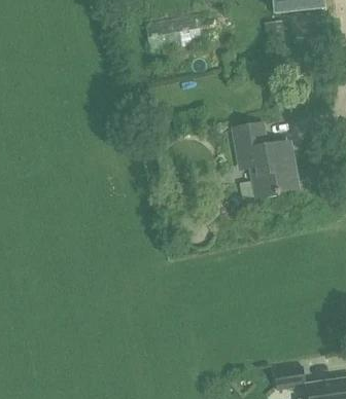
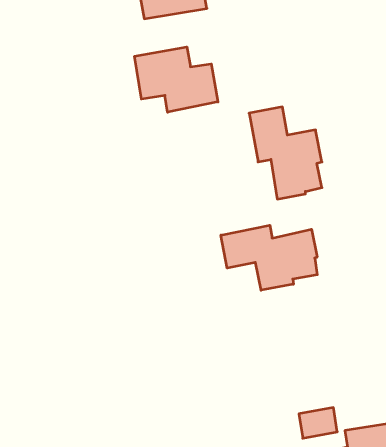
building: none -> [135,47,218,112]
building: none -> [221,225,317,290]

